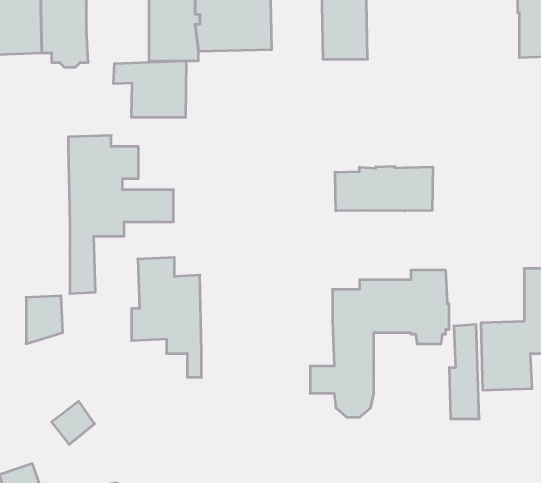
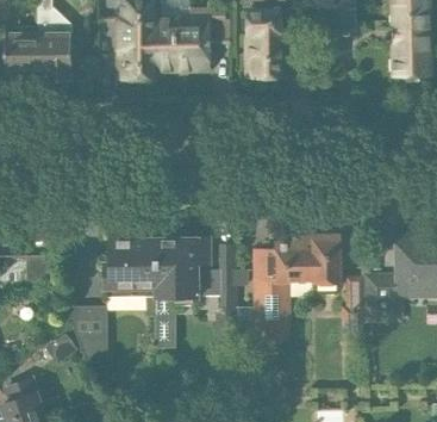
building: [114,61,186,117] -> none
building: [68,135,174,294] -> [155,229,233,347]
building: [335,166,433,211] -> none
building: none -> [65,304,106,361]

